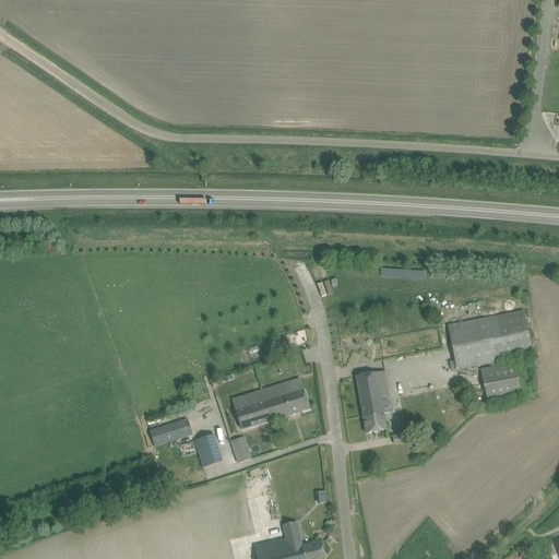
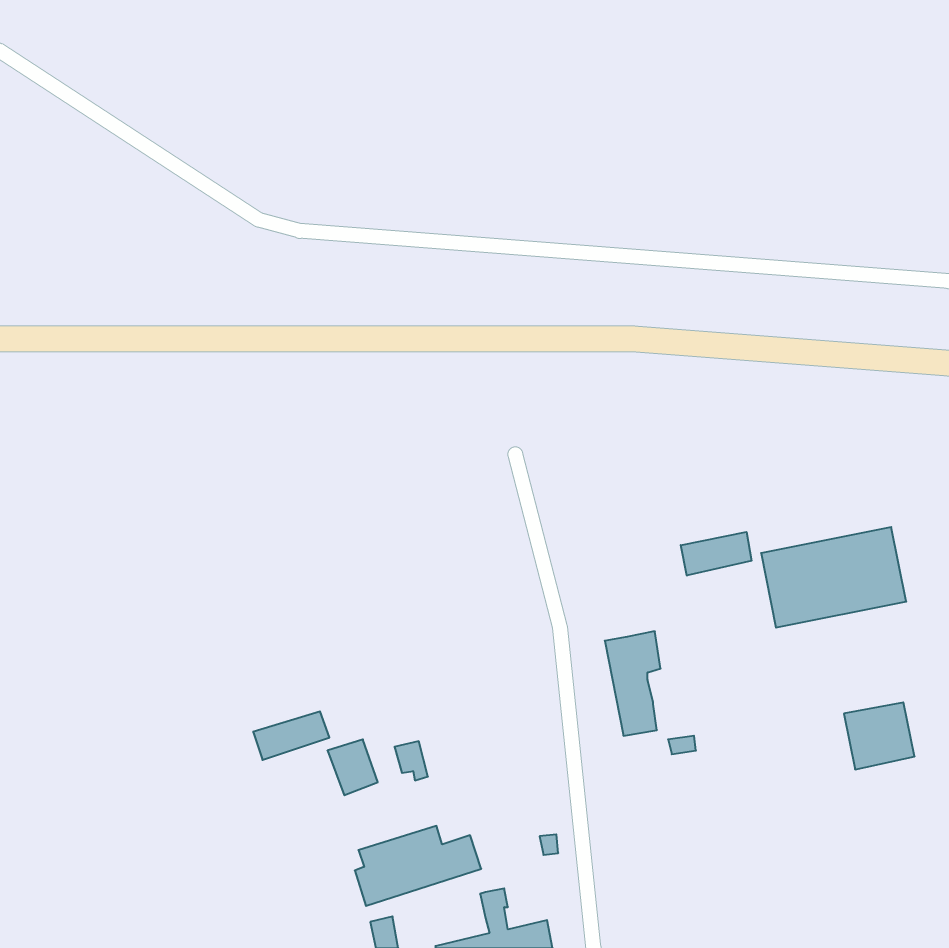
building: none -> [681,532,752,576]
building: [479,361,521,401] -> [844,702,915,769]
building: [235,382,309,429] -> [355,826,481,906]

